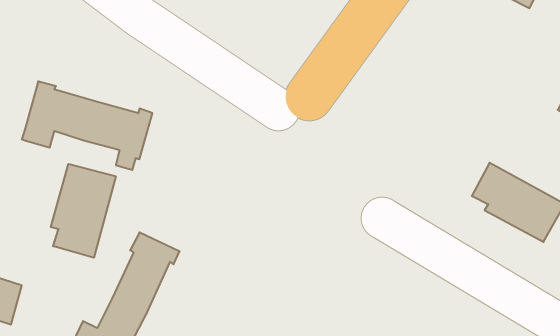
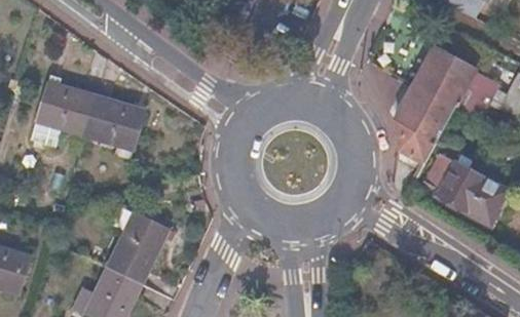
building: none -> [397,44,495,162]
building: [51,164,116,258] -> none

